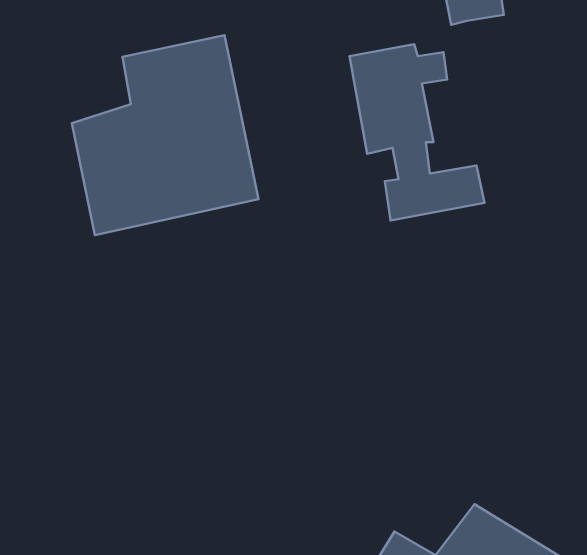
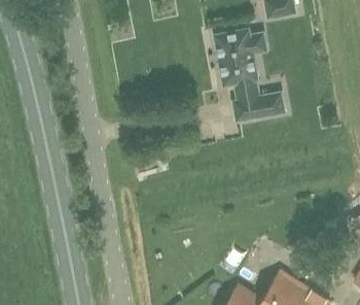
building: [72,35,258,235] -> none

